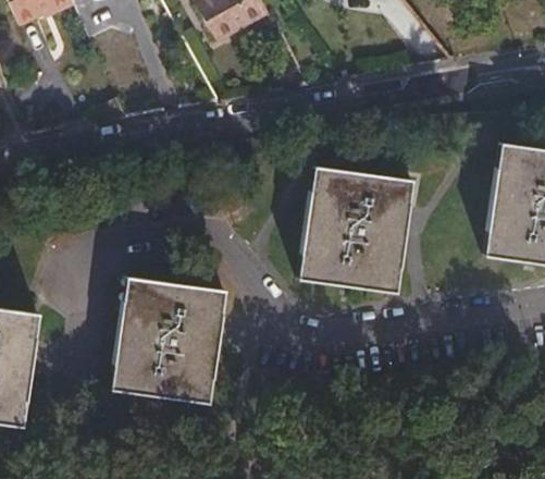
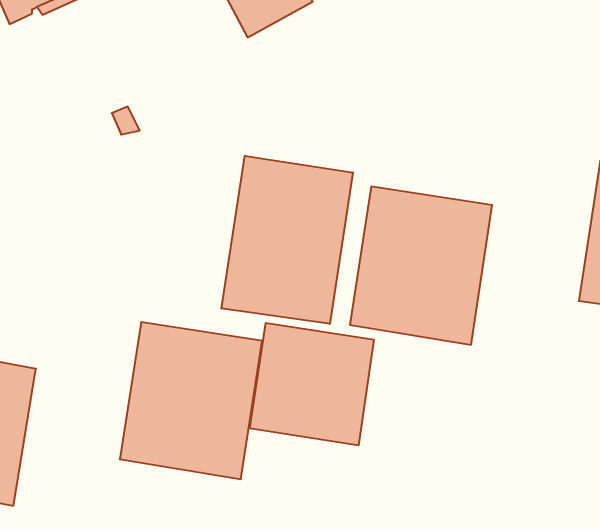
building: none -> [221,156,353,324]
building: none -> [250,323,374,445]

